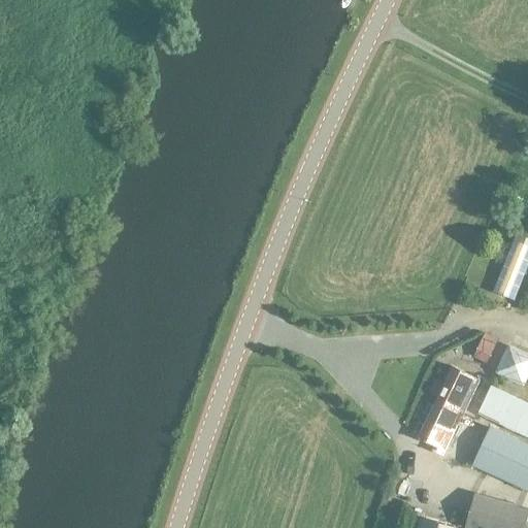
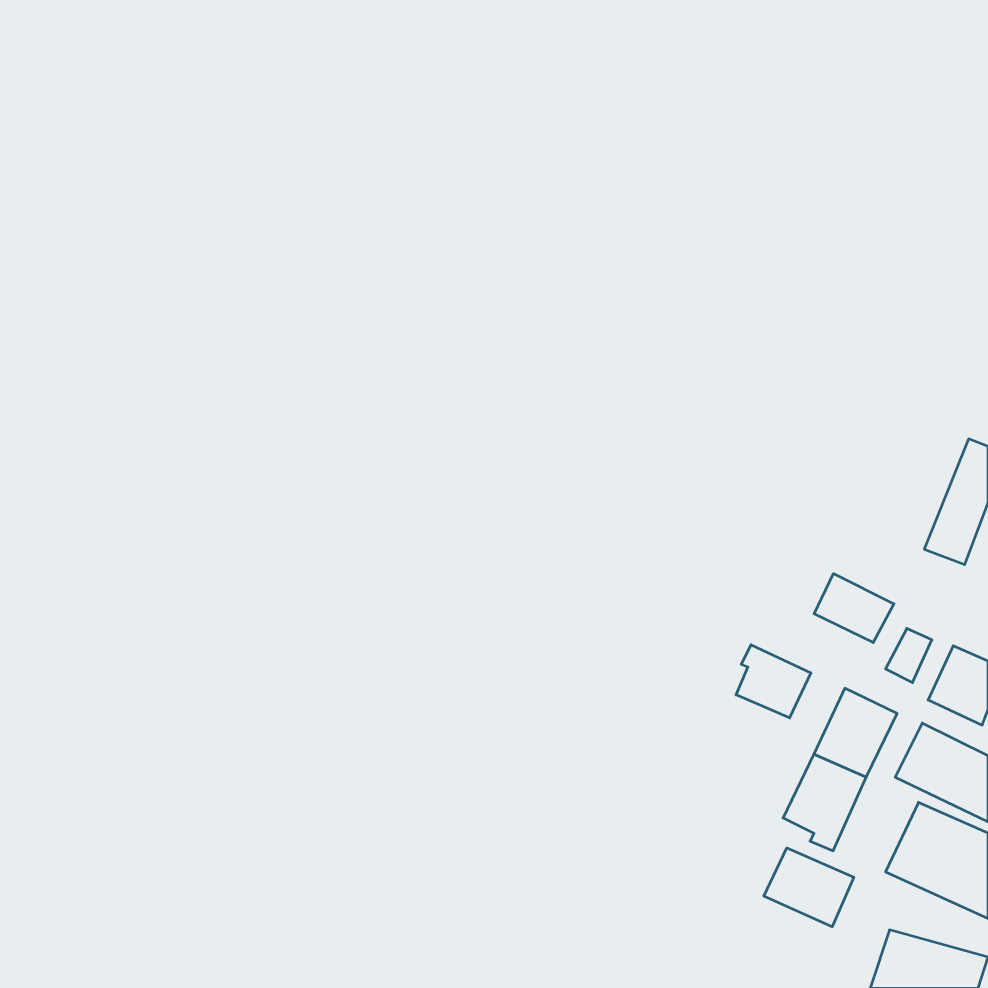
building: none -> [814,574,894,643]
building: none -> [736,645,811,718]
building: none -> [764,848,854,927]

